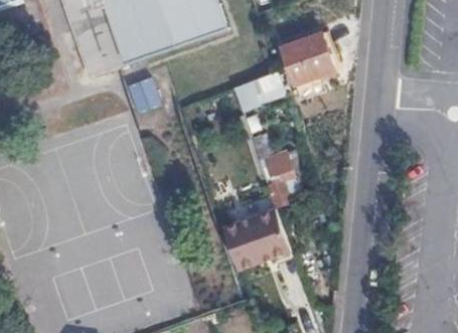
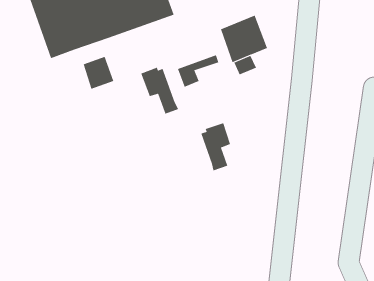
building: none -> [141,67,179,114]
building: [221,207,290,271] -> none

